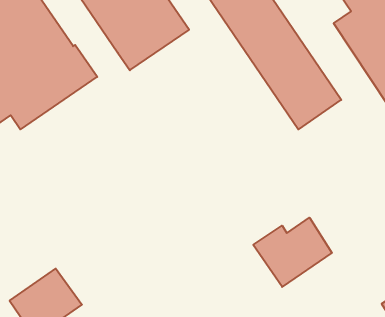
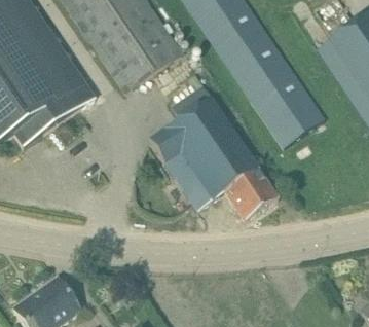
building: none -> [149,82,278,219]
building: [253,218,332,287] -> none

